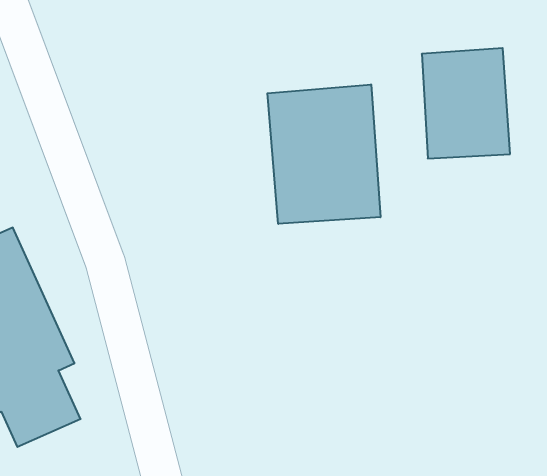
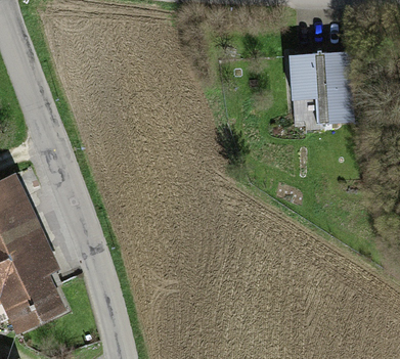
building: [267,84,380,224] -> none

